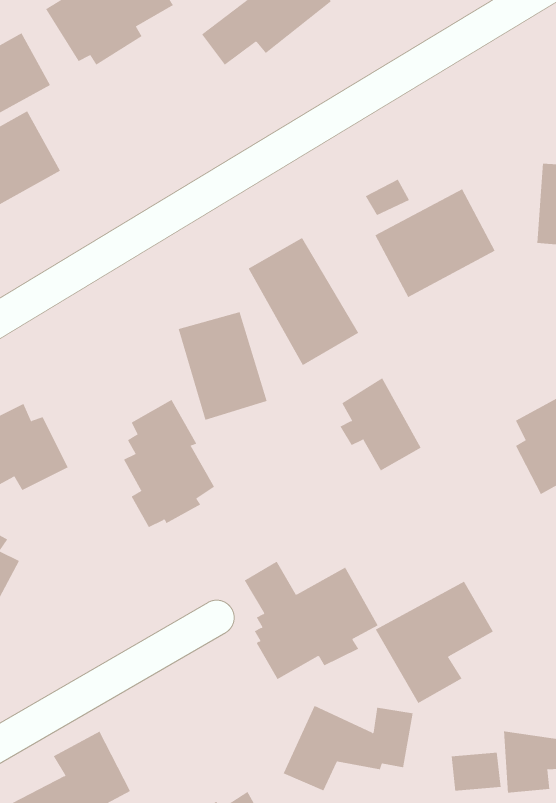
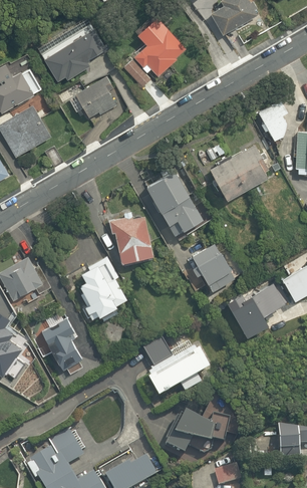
building: none -> [54,75,120,119]
building: none -> [258,101,292,142]
building: none -> [41,305,84,373]
building: [375,581,494,704] -> [226,277,287,340]

